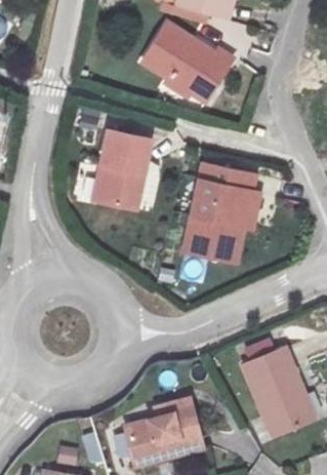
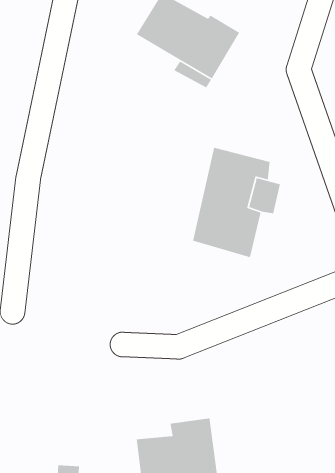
building: [98,128,153,207] -> none
building: [228,344,309,435] -> none

